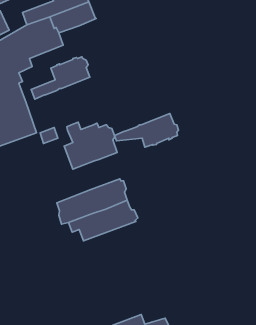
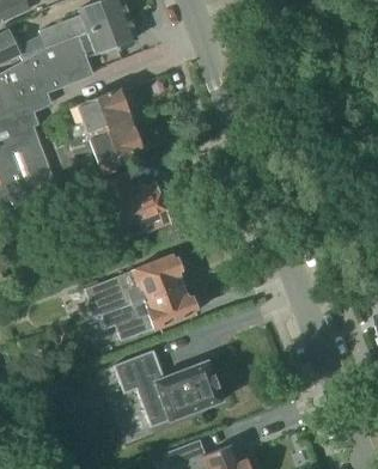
building: [115,113,179,147] -> [56,117,142,163]
building: none -> [114,349,222,426]

